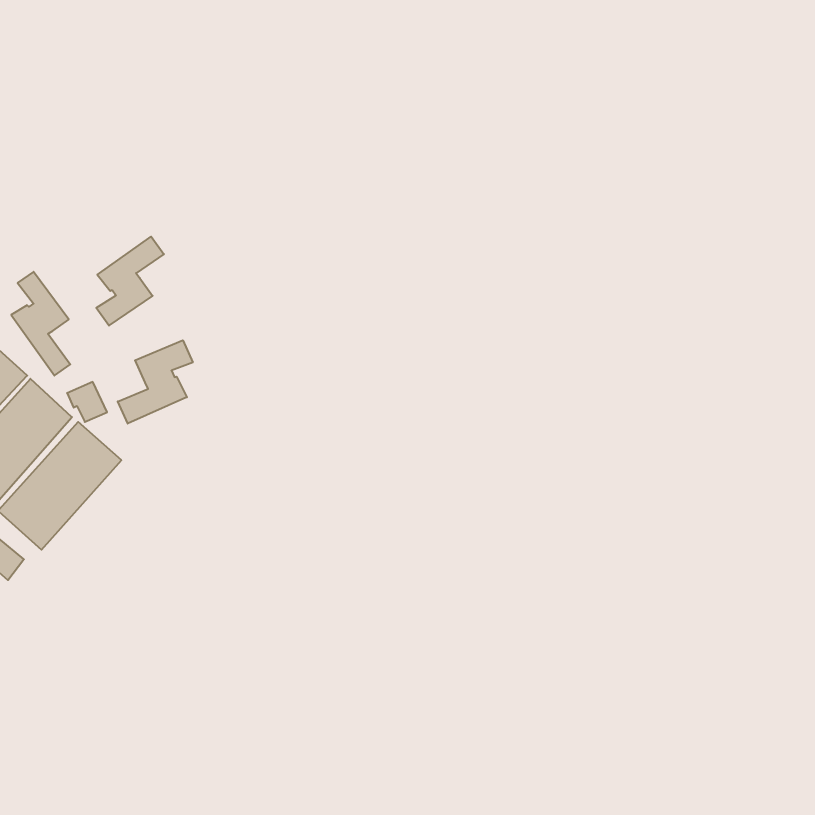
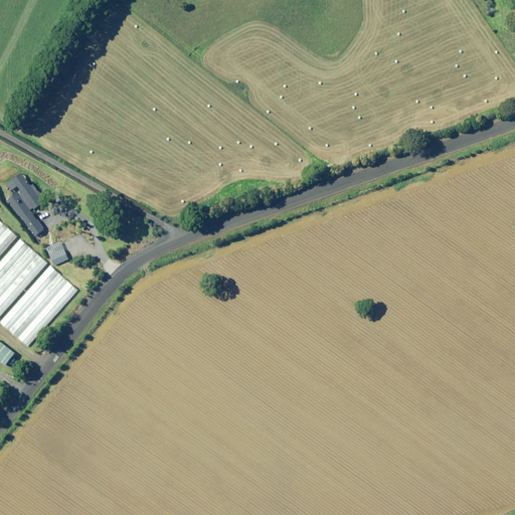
building: [96,237,164,326] -> none
building: [118,340,193,424] -> none

